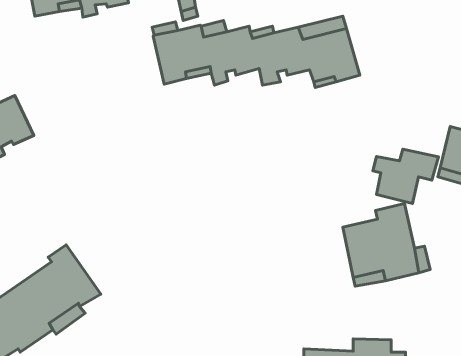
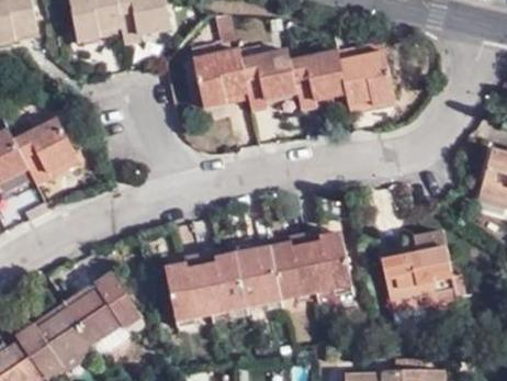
building: [373,149,439,203] -> none
building: none -> [164,226,349,321]

